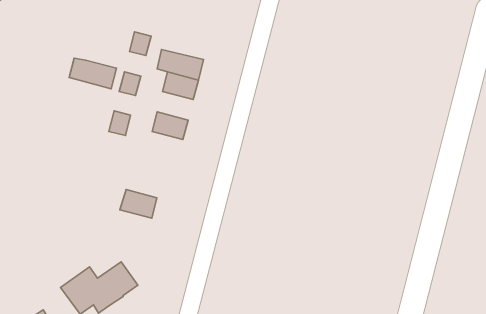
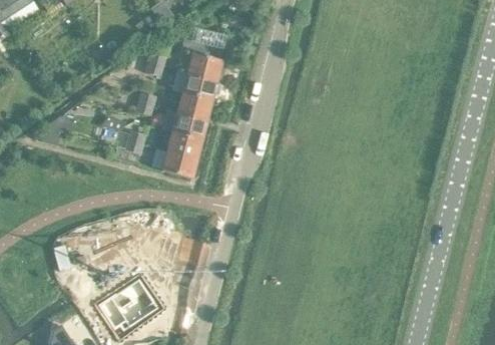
building: none -> [176,40,222,80]
building: [69,58,116,89] -> [161,109,207,139]
building: [120,189,157,218] -> [161,150,197,179]

